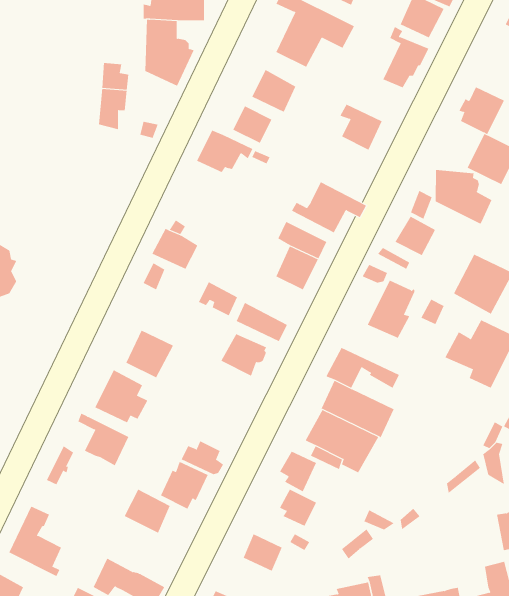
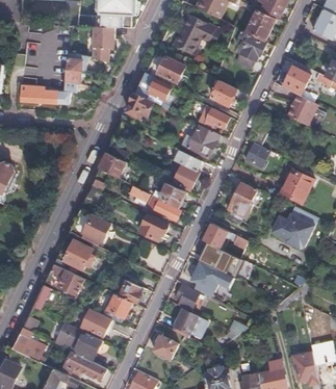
building: none -> [20,86,56,105]
building: none -> [198,105,228,129]
building: [435,169,492,225] -> none
building: none -> [153,182,186,208]
building: none -> [54,321,102,360]

